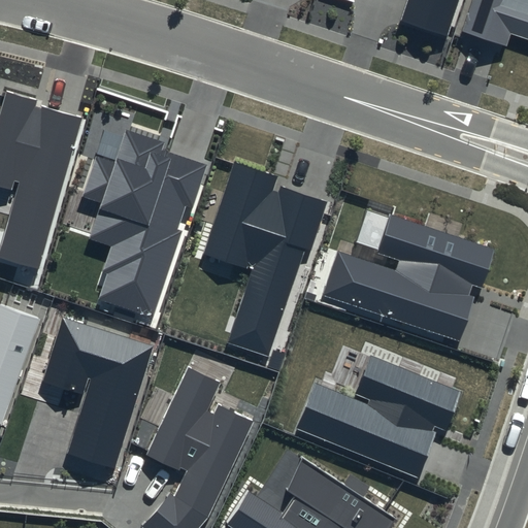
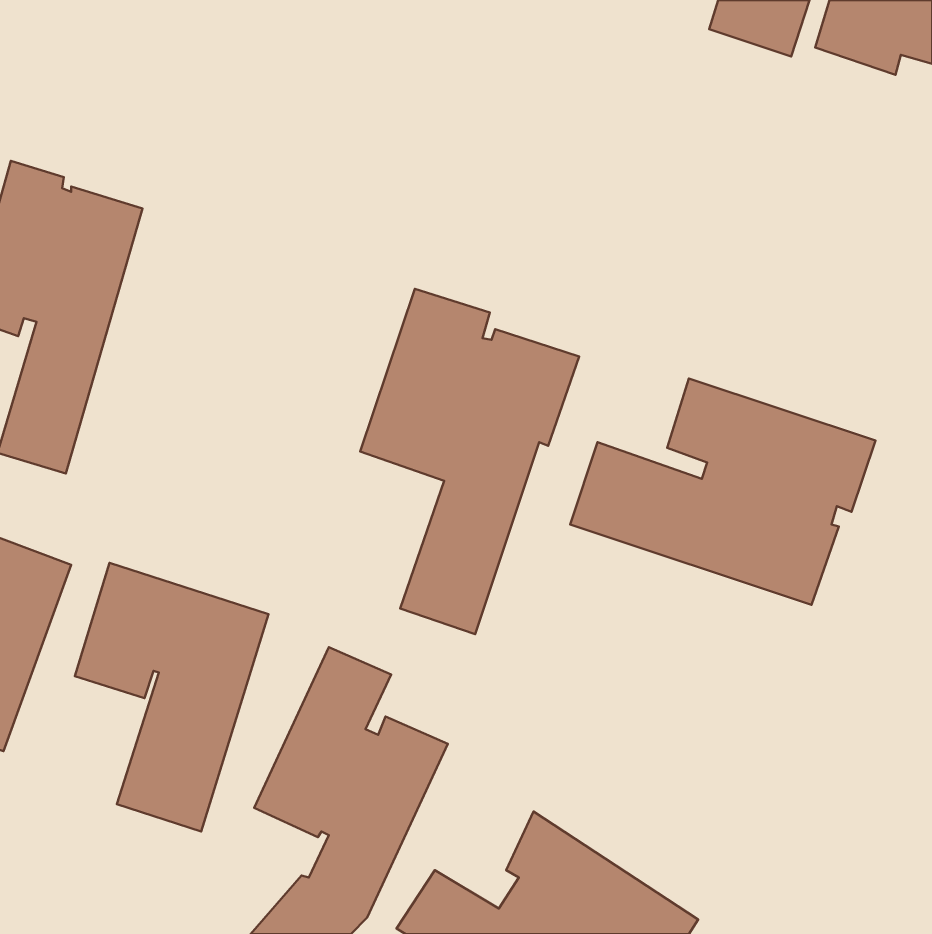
building: [79,129,205,317] -> none
building: [294,354,463,476] -> none

